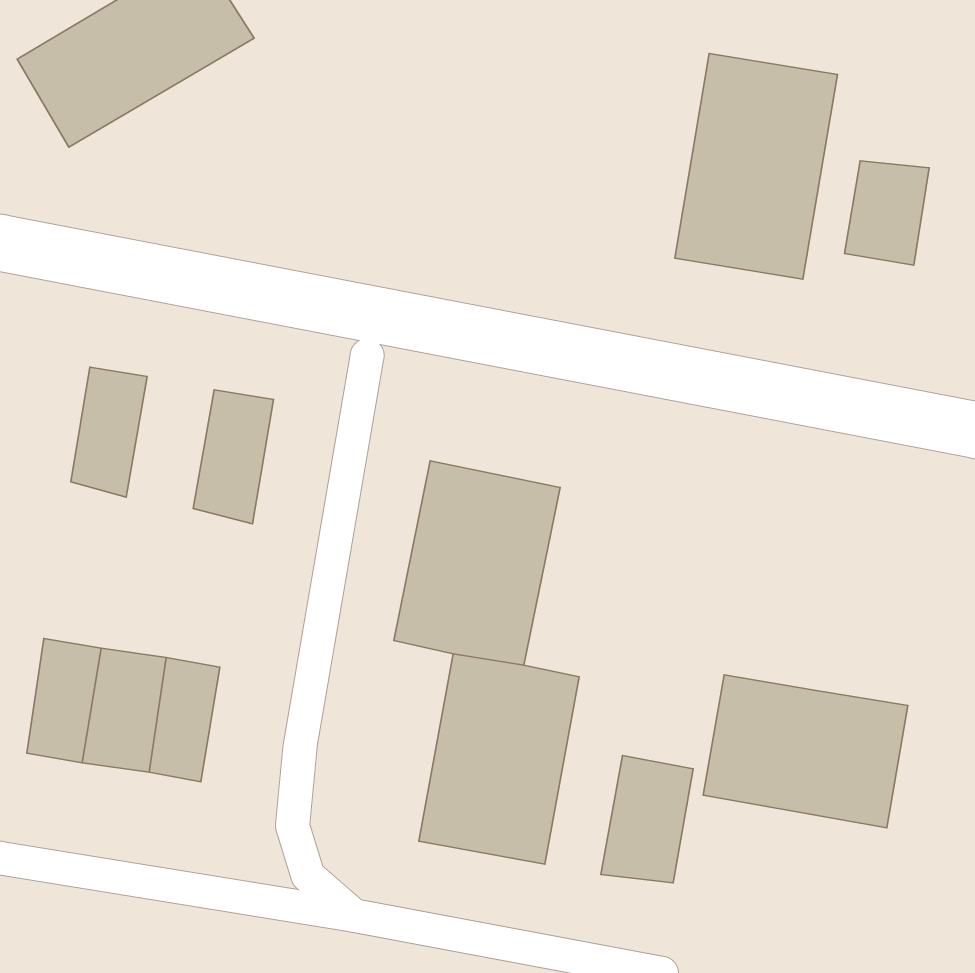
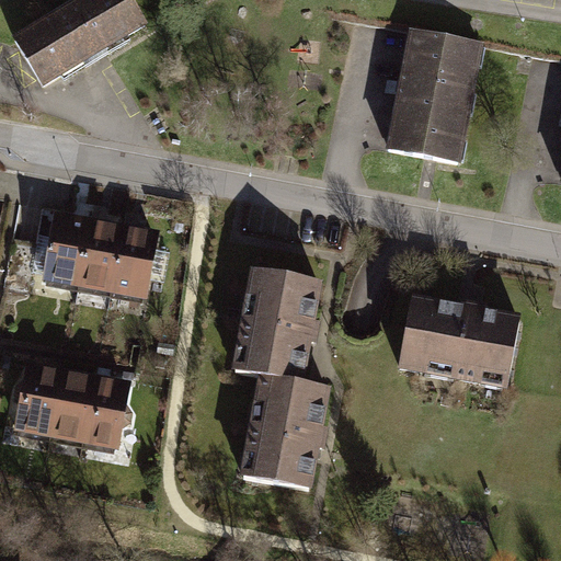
building: [844,161,929,265] -> none
building: none -> [73,216,124,291]
building: [703,675,908,828] -> [400,295,517,382]
building: [601,756,693,883] -> none

